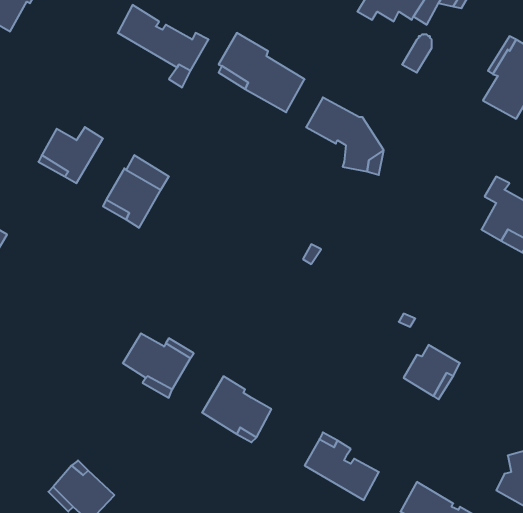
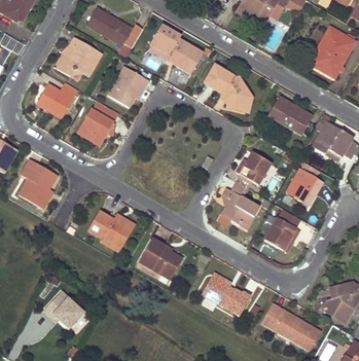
building: none -> [57,36,102,76]
building: none -> [107,66,148,107]
building: none -> [267,96,313,134]
building: none -> [236,151,271,183]
building: none -> [19,158,52,208]
building: none -> [288,160,322,203]
building: none -> [222,187,259,226]

